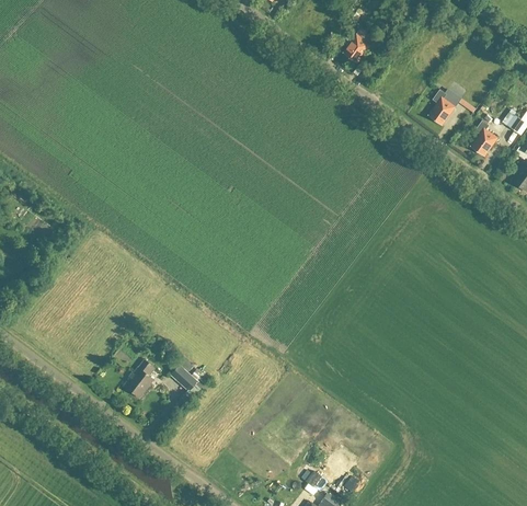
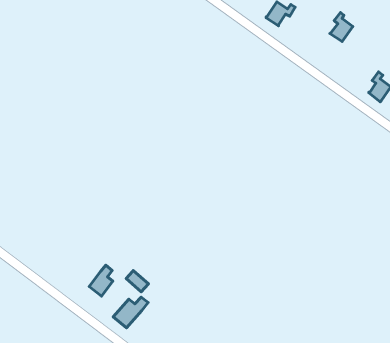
building: [427,90,456,126] -> [330,12,353,42]
building: none -> [113,297,148,328]

